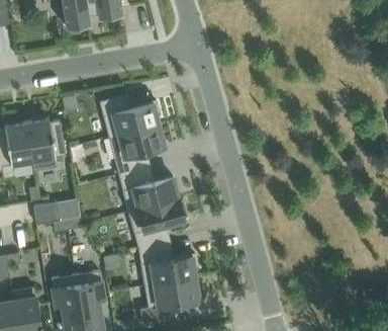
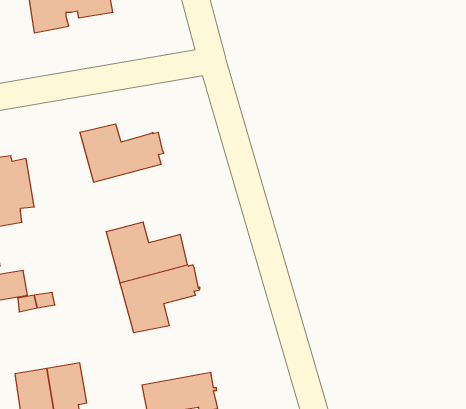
building: [109,125,165,174] -> none
building: [138,243,198,286] -> none

